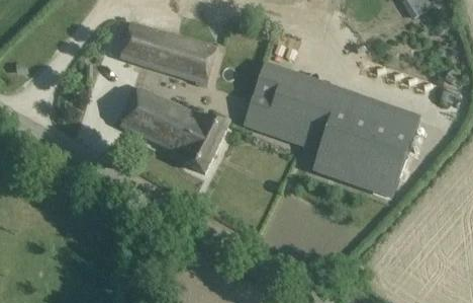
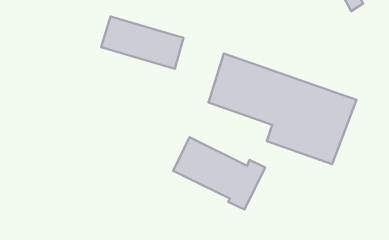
building: [120,87,228,172] -> [173,137,265,210]

